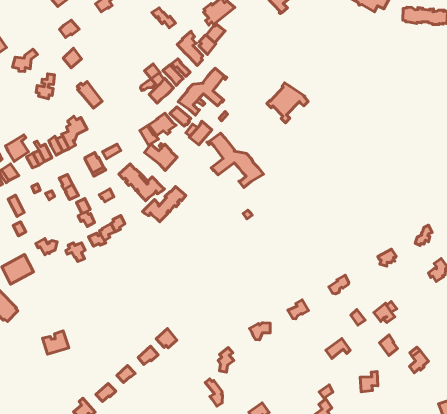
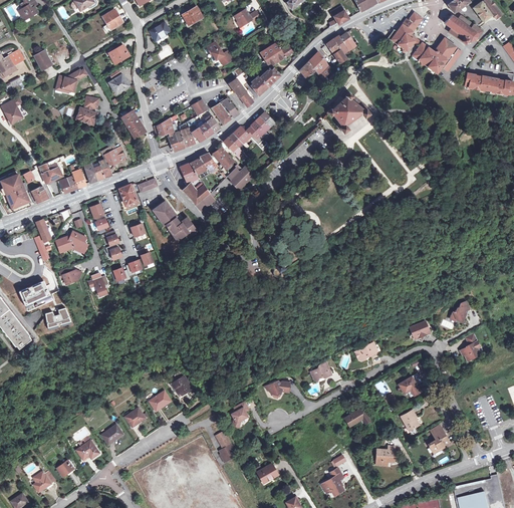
building: none -> [300,51,331,79]
building: [267,83,308,123] -> [327,91,370,133]
building: none -> [154,116,195,151]
building: [207,133,263,188] -> none
building: [143,186,186,222] -> none
building: none -> [56,230,88,251]
building: [43,331,69,354] -> [45,307,71,329]

